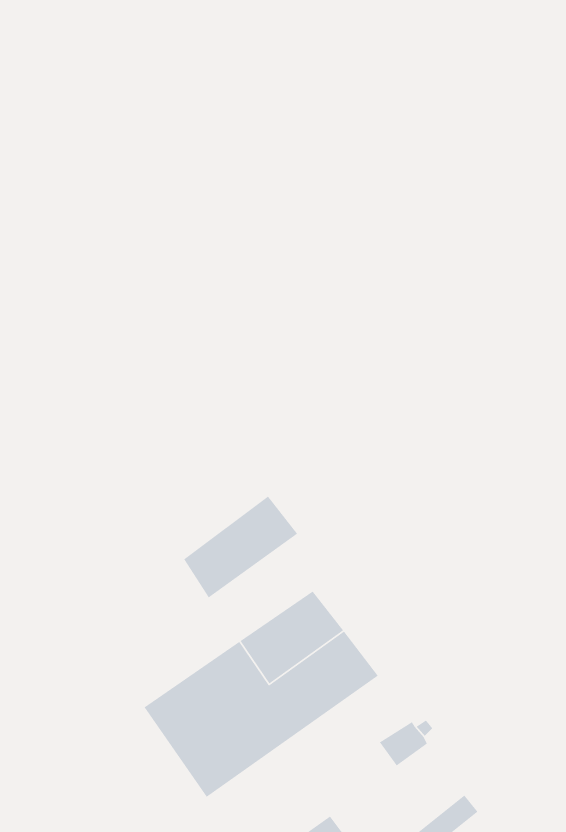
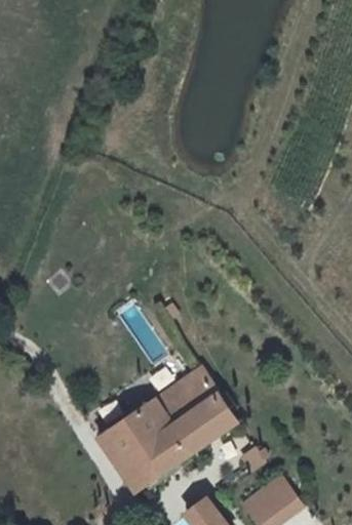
building: [183,496,298,598] -> none

